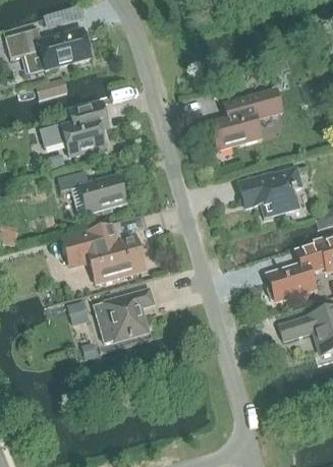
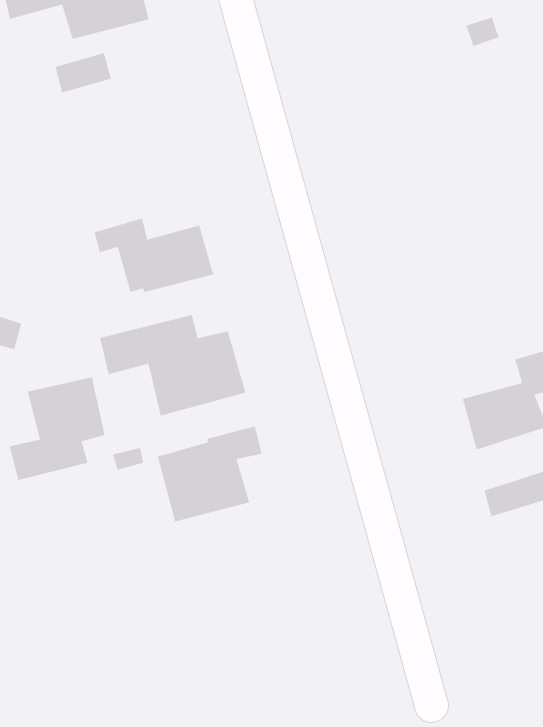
building: [210,87,281,150] -> none
building: [46,100,110,155] -> none
building: [239,167,301,215] -> none
building: none -> [9,377,105,481]

